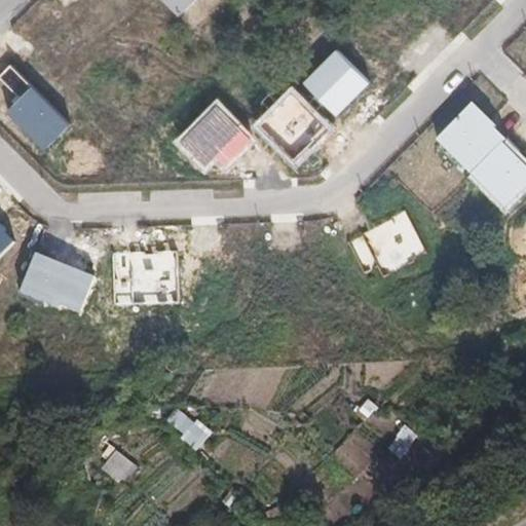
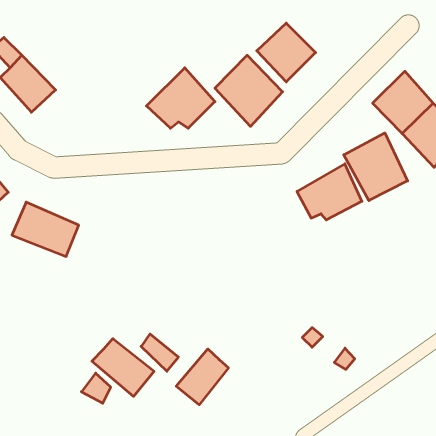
building: none -> [344,133,408,201]
building: [110,253,179,307] -> none
building: none -> [92,339,154,396]
building: none -> [176,349,228,405]

